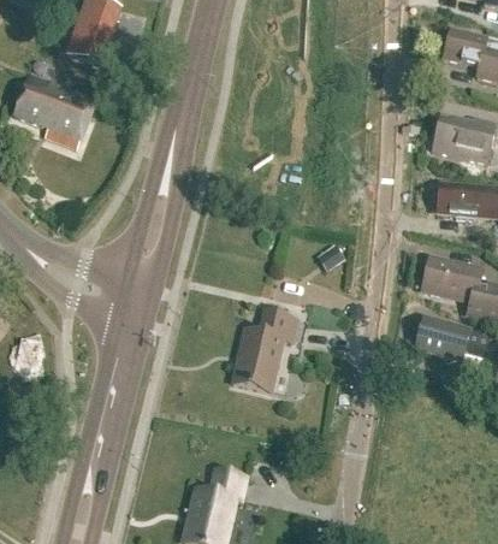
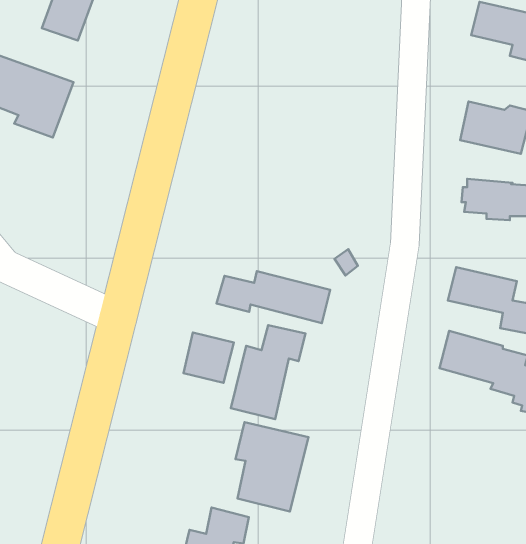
building: none -> [216,271,330,323]
building: none -> [183,332,234,383]
building: none -> [235,422,308,511]

